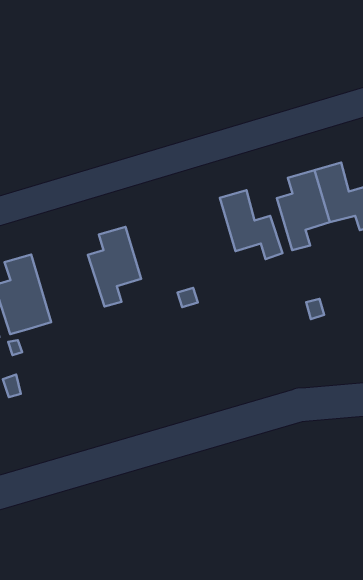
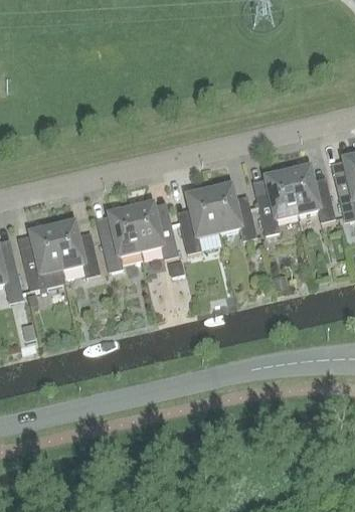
building: none -> [179,187,218,252]
building: none -> [130,201,178,258]
building: none -> [51,219,100,276]

